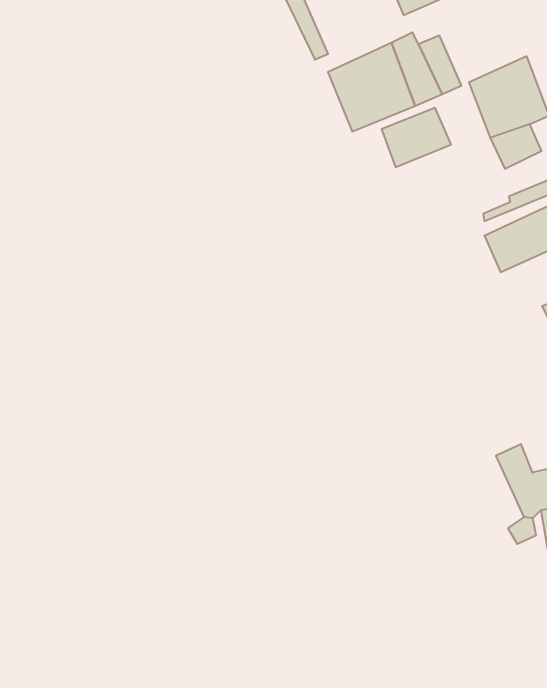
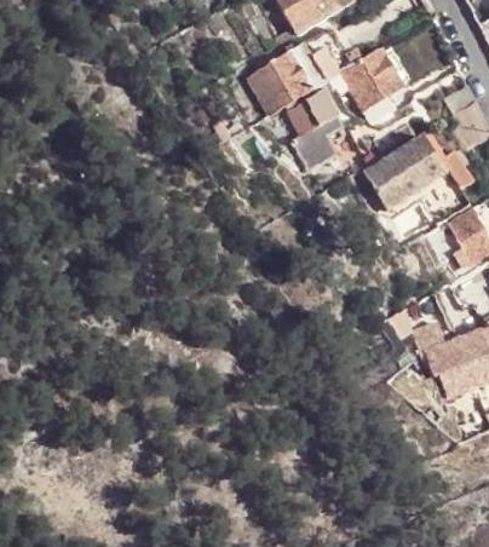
building: none -> [293,114,344,167]

